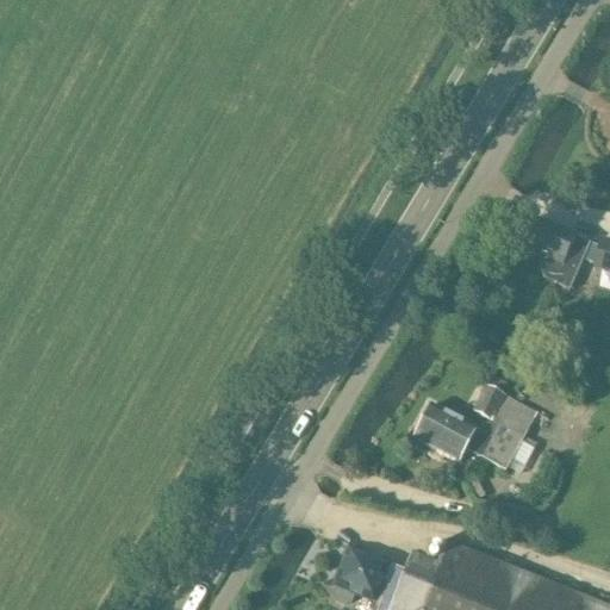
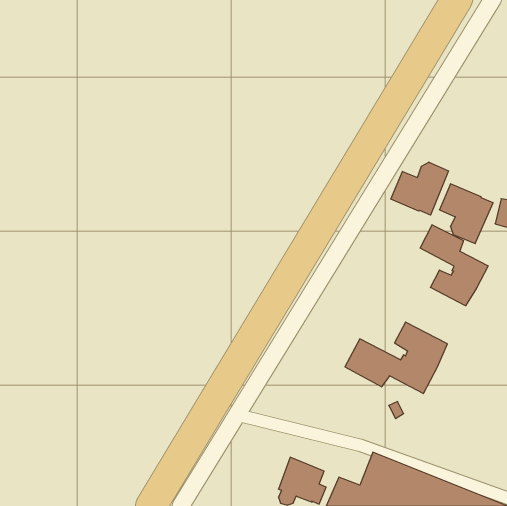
building: none -> [391,162,449,215]
building: none -> [420,225,488,306]

